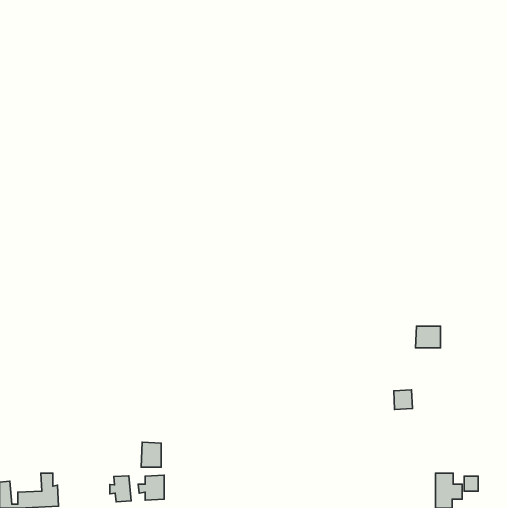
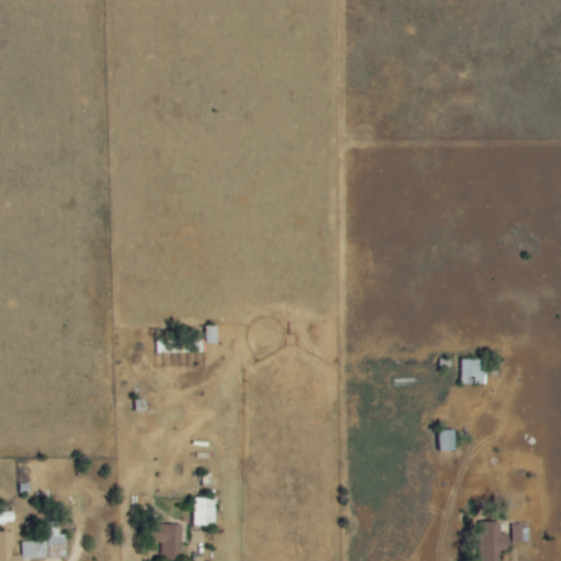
building: [141,442,161,467] -> [193,497,215,525]
building: [110,476,131,502] -> none

